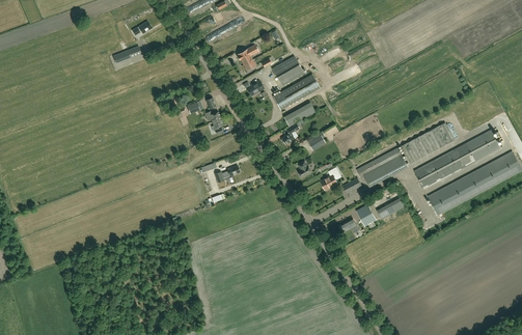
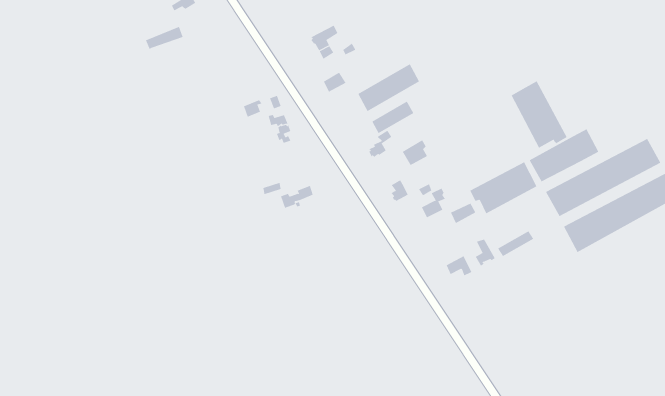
building: [271,56,303,85] -> none
building: none -> [511,80,568,149]

